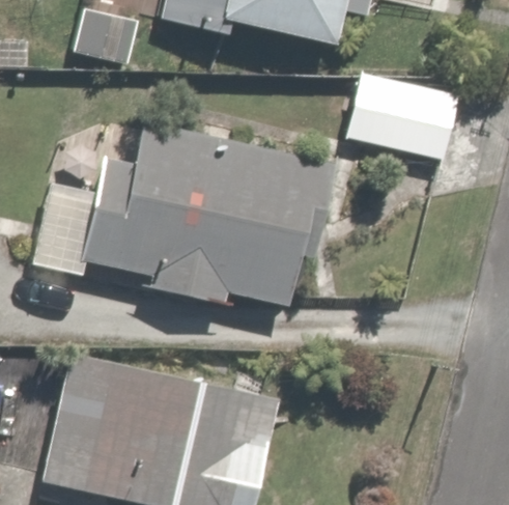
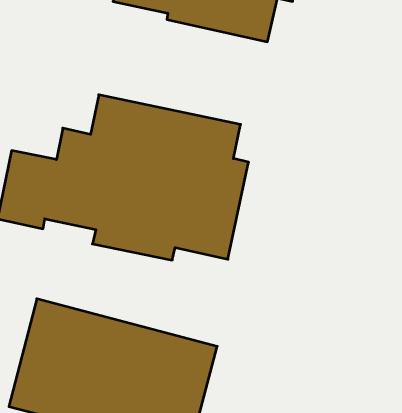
building: [368,72,449,151] -> none

